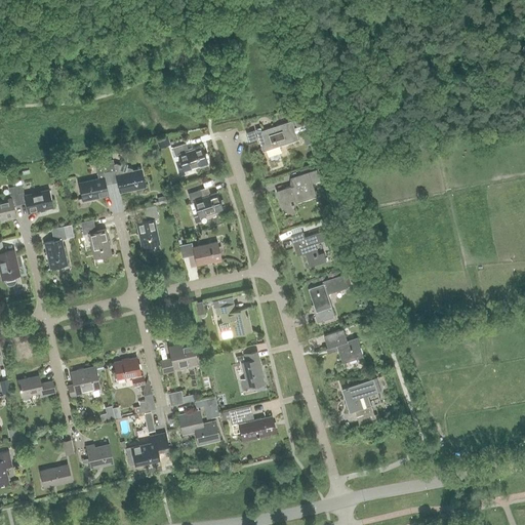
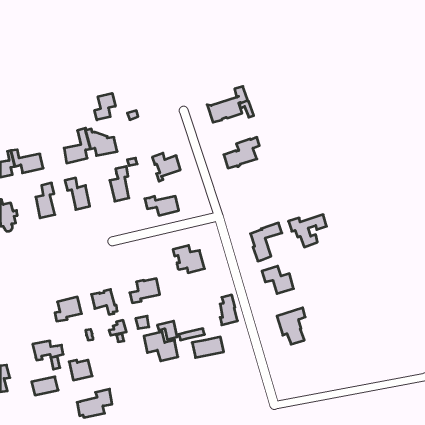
building: none -> [95,93,115,120]
building: [172,143,207,176] -> none
building: [290,227,337,267] -> [288,215,327,247]
building: [242,352,264,389] -> [220,295,238,325]
building: [17,376,55,400] -> [33,341,63,360]
building: [126,432,169,467] -> [77,389,112,417]

